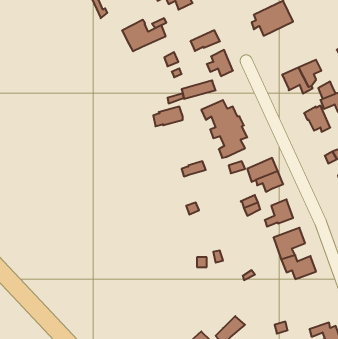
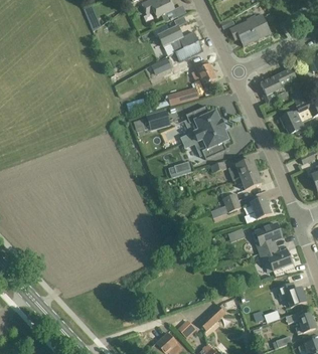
building: [122,20,166,51] -> [158,25,198,54]
building: none -> [277,282,306,307]

